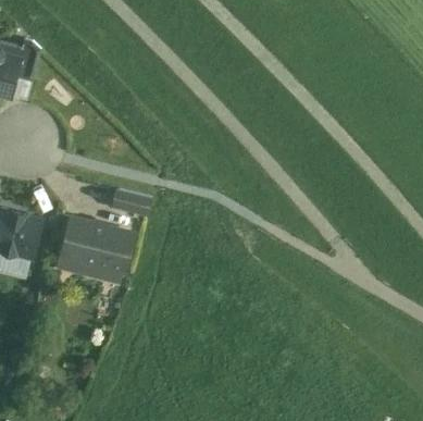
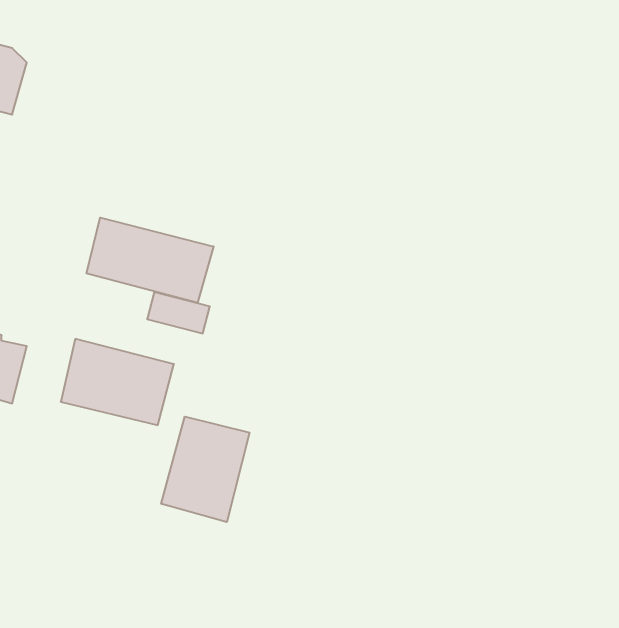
building: none -> [87,218,214,303]
building: none -> [161,417,250,522]

